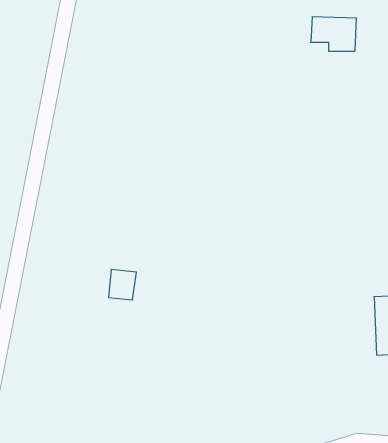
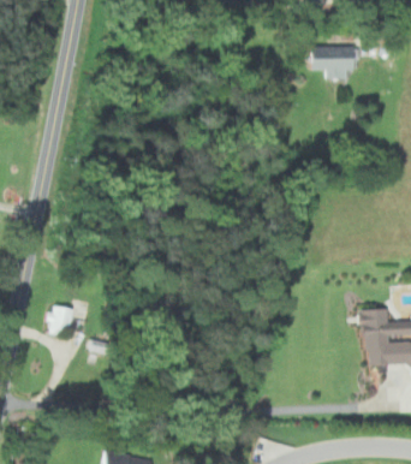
building: [109,269,136,300] -> [48,305,75,334]

